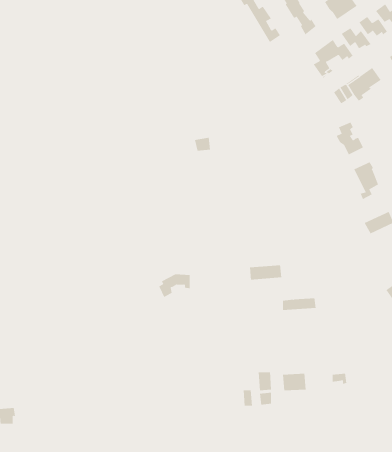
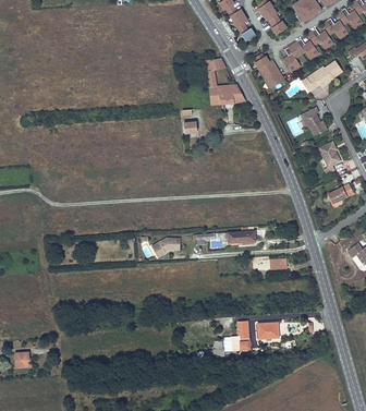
building: none -> [256,52,285,86]
building: none -> [205,58,246,104]

